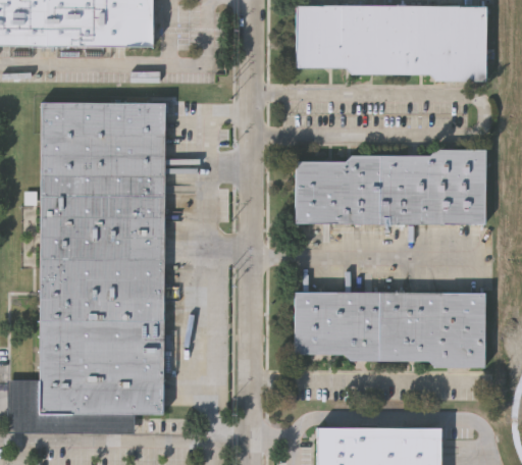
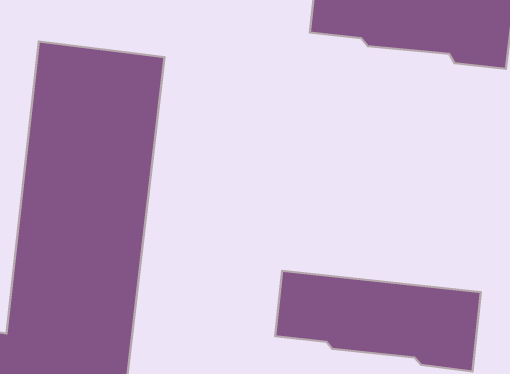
building: [297,148,486,223] -> none

